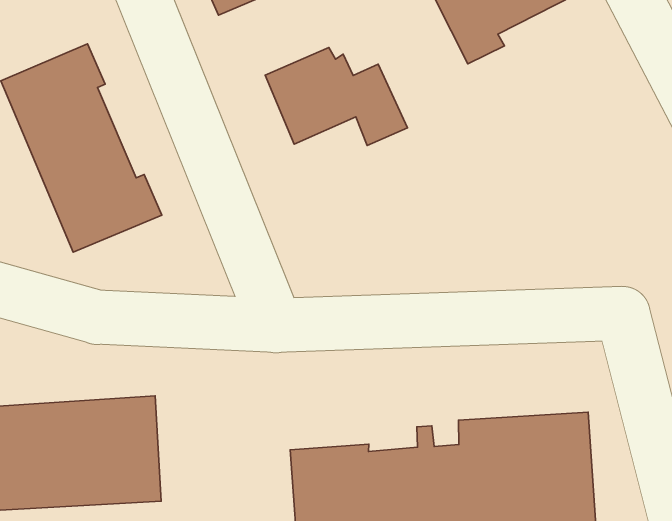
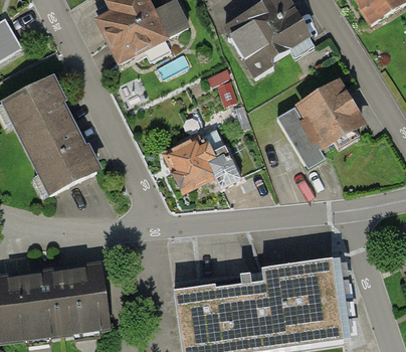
building: [265,48,408,146] -> [164,137,242,190]
building: none -> [278,82,361,162]

